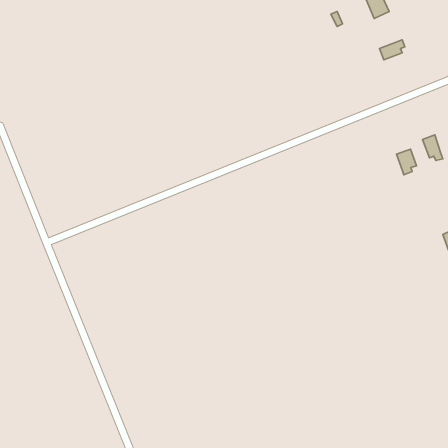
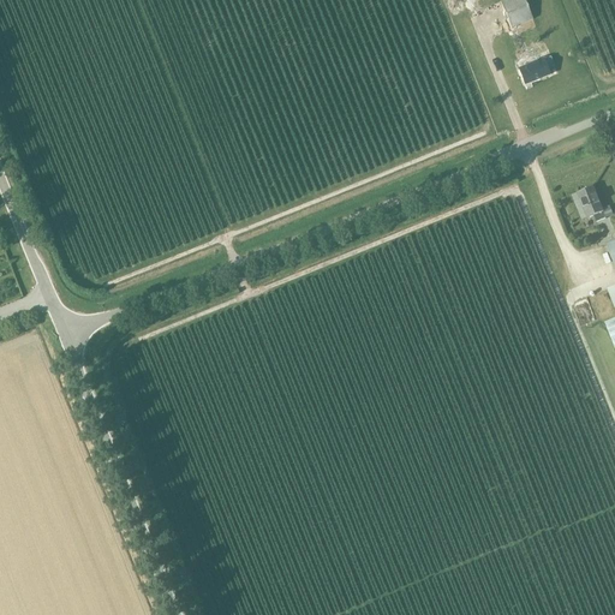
building: [396,149,416,175] -> none

